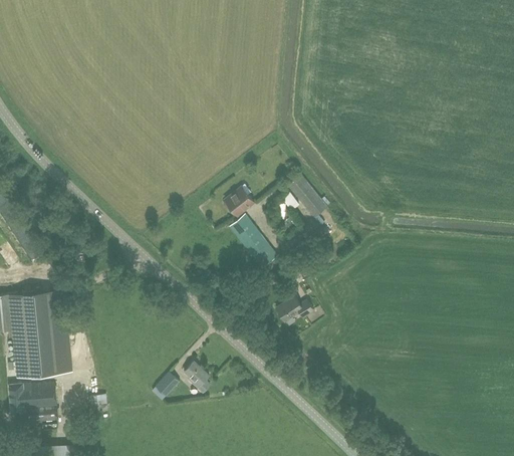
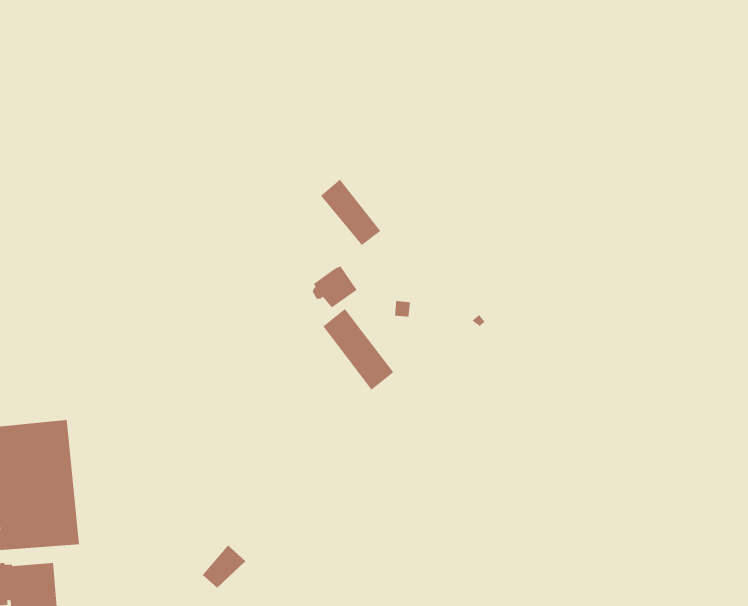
building: [286,173,326,217] -> [320,179,381,246]
building: [275,295,312,320] -> none
building: [183,362,210,392] -> none

